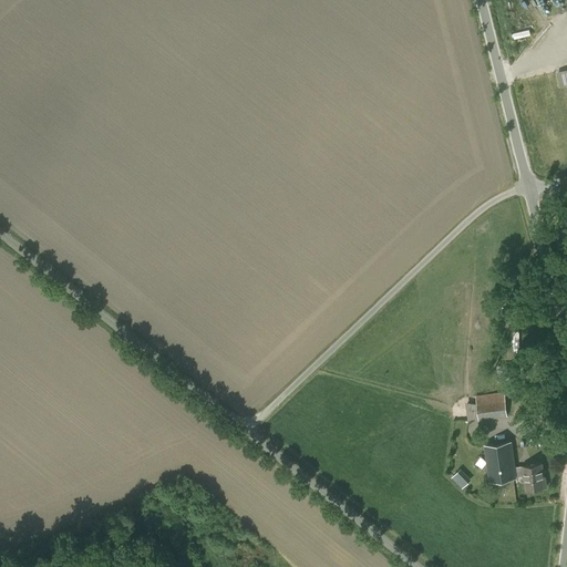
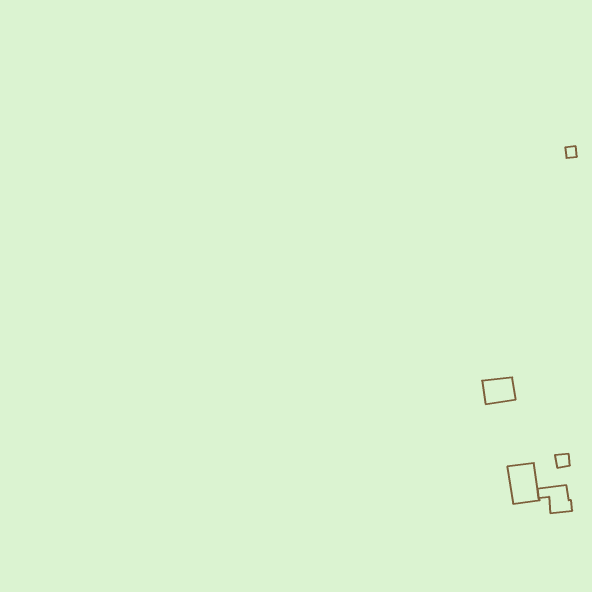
building: [474,395,506,421] -> [482,377,516,404]

